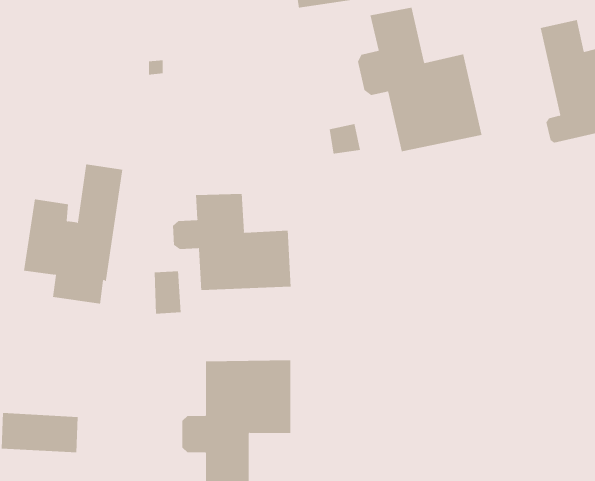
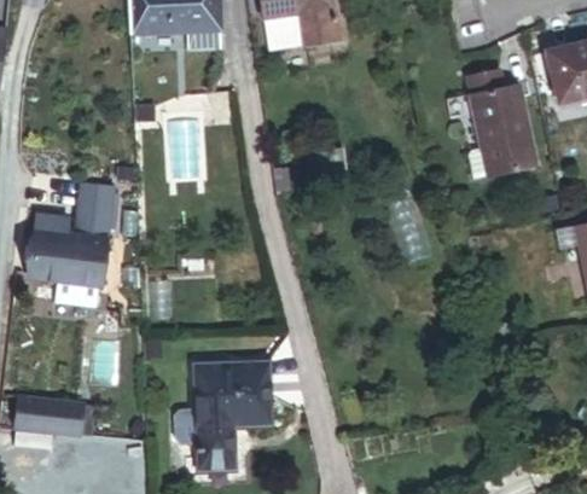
building: [357,7,482,152] -> none
building: [172,193,291,291] -> none

